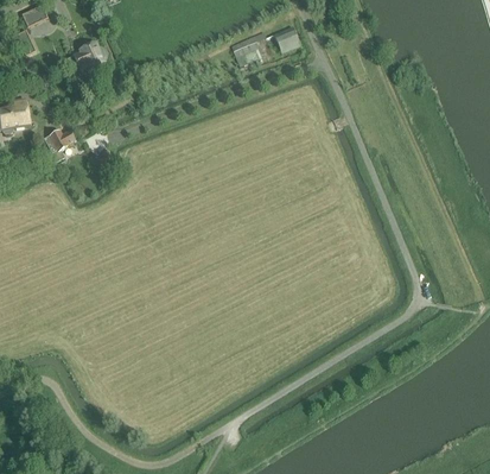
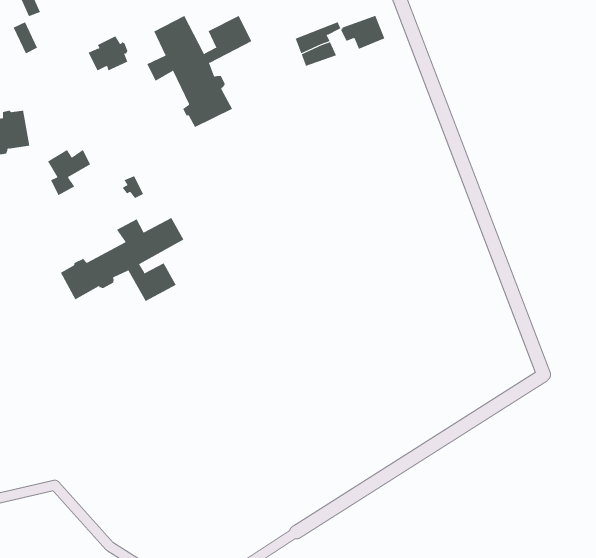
building: none -> [147,15,252,128]
building: none -> [60,217,184,302]

